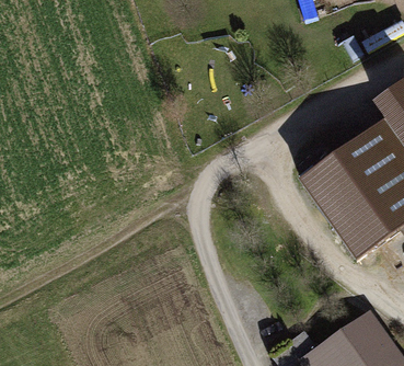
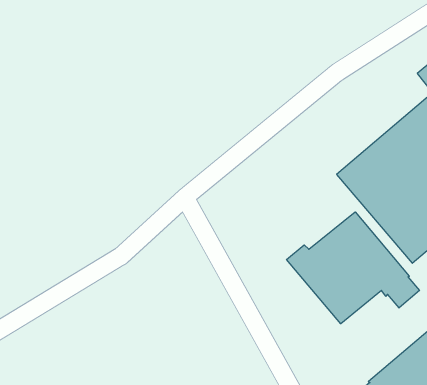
building: none -> [287,212,419,324]

